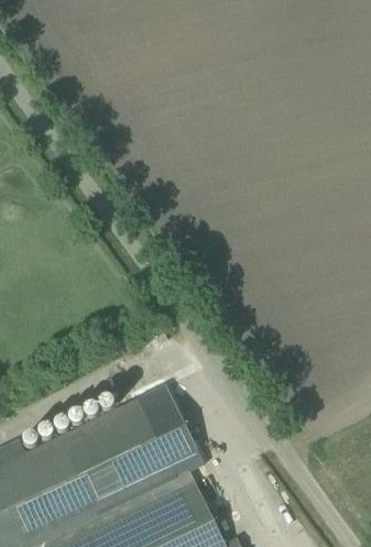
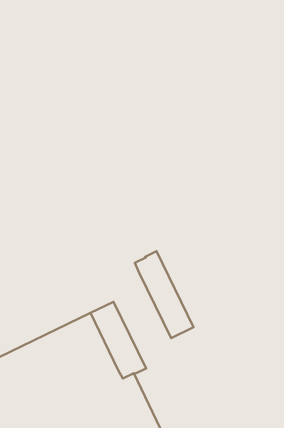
building: none -> [135,251,194,338]

